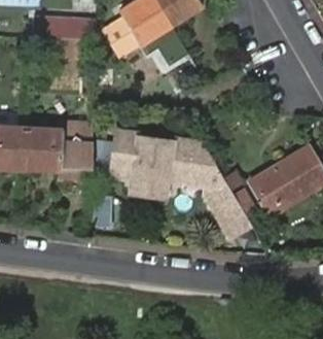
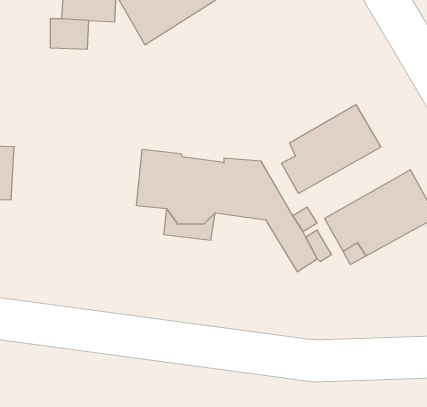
building: none -> [282,105,381,193]
building: [23,122,93,180] -> none

